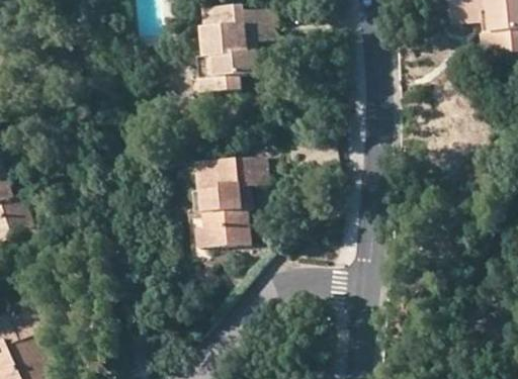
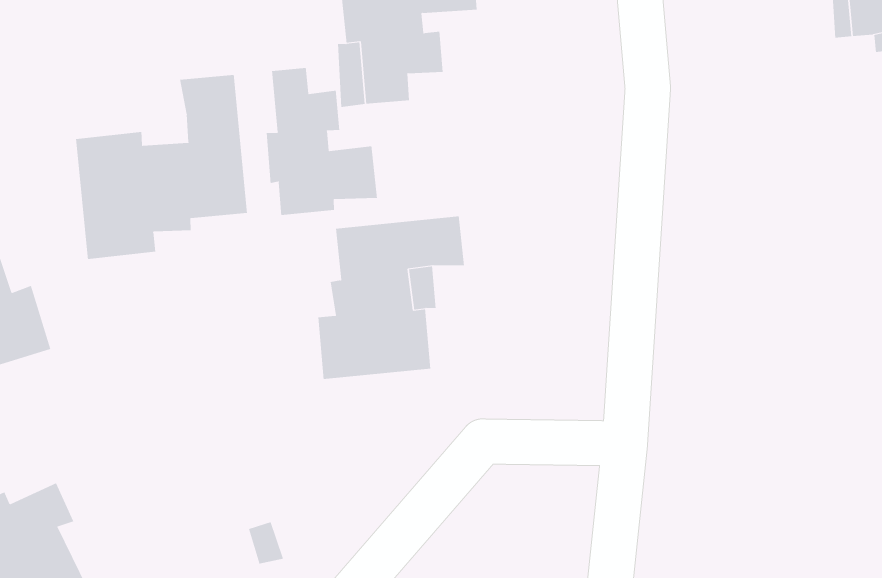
building: none -> [266,67,377,216]
building: none -> [76,74,248,260]

